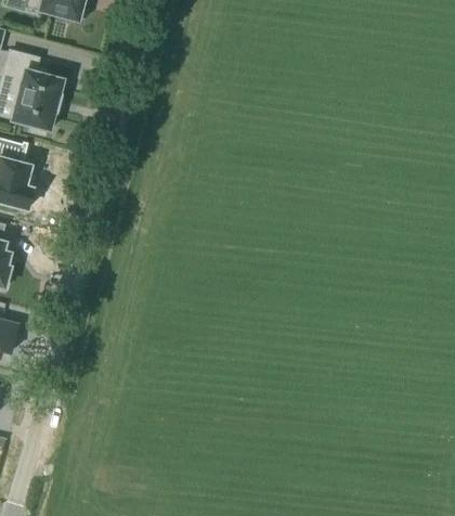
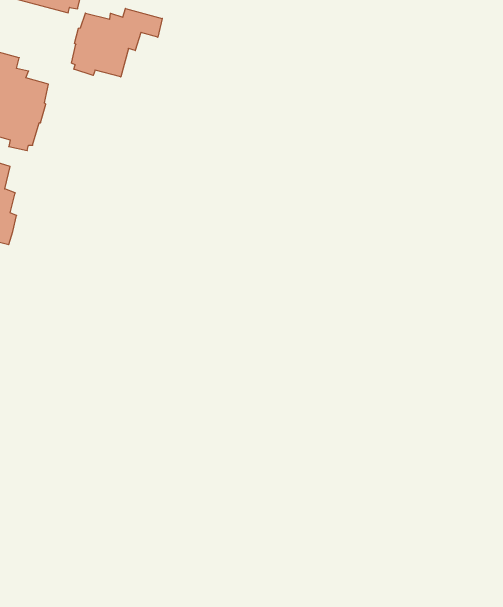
building: none -> [71,8,162,77]

